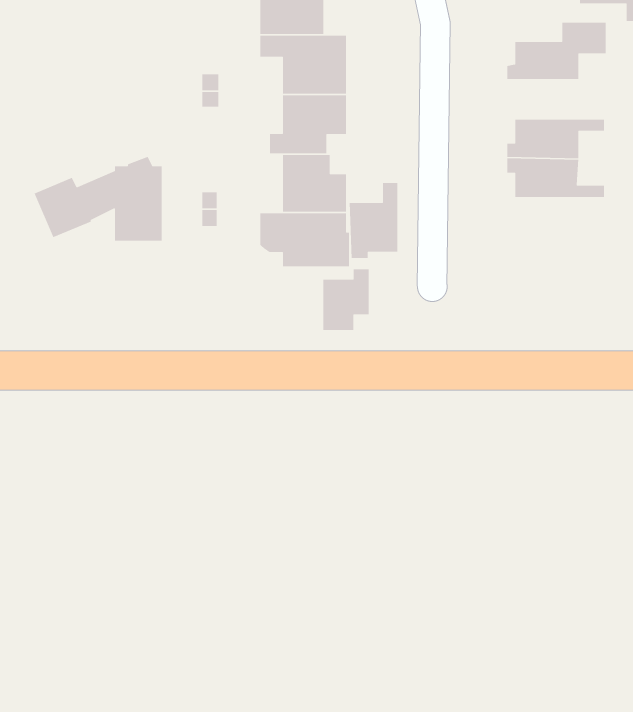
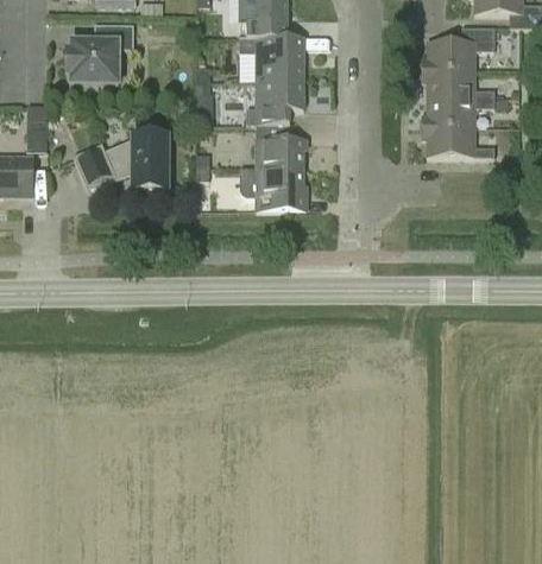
building: none -> [65,23,133,88]
building: none -> [421,70,493,99]
building: [349,182,398,259] -> none
building: [323,269,369,331] -> none

